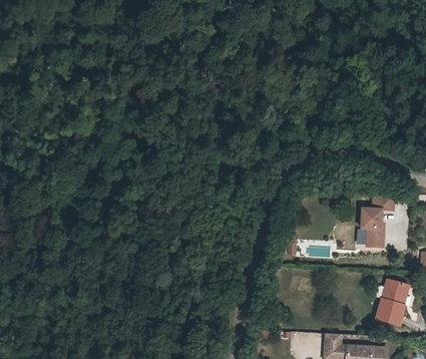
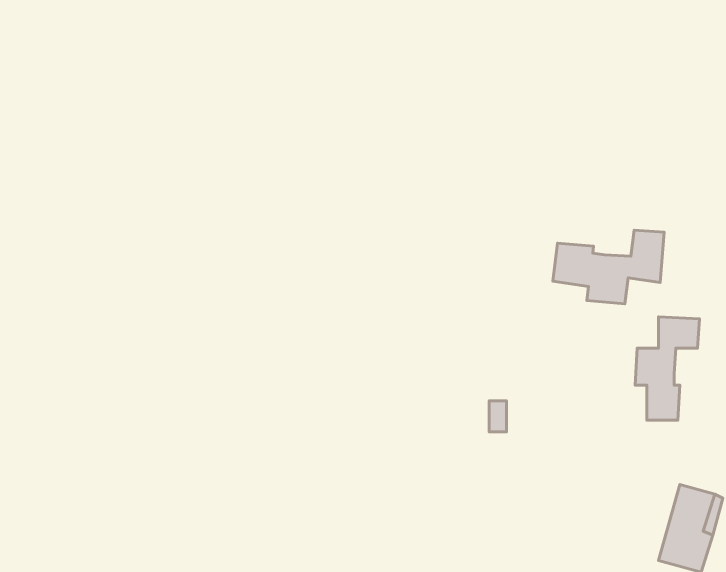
building: none -> [553,230,664,304]

